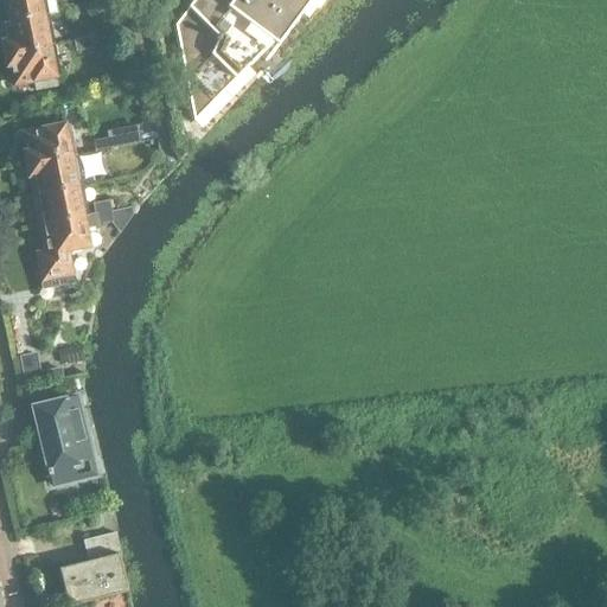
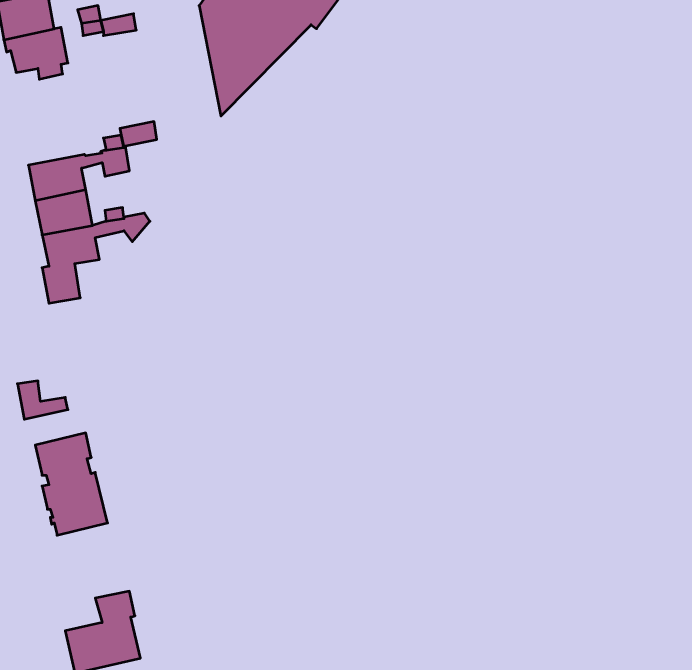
building: [26,122,77,162] -> none

